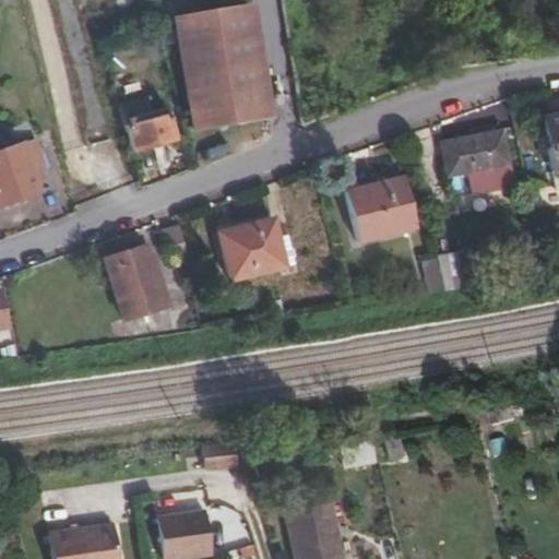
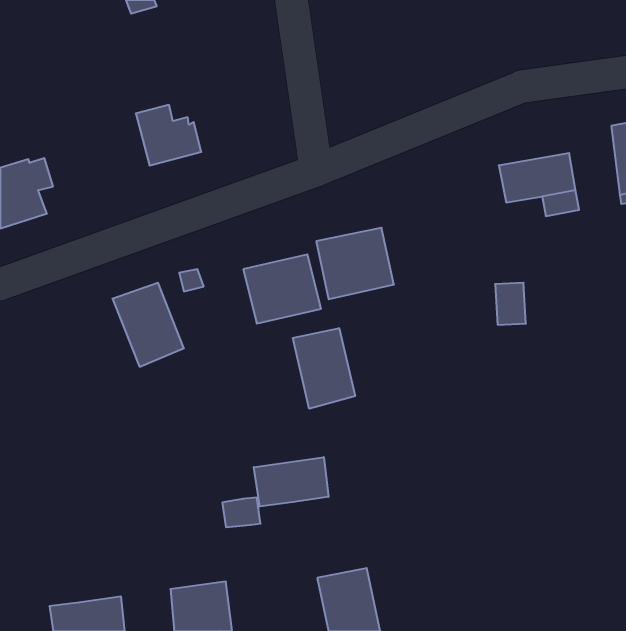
building: [185,7,273,126] -> none
building: [347,163,416,226] -> [316,228,394,299]
building: none -> [293,328,355,409]
building: none -> [254,457,328,507]

